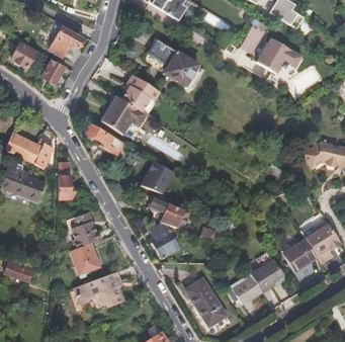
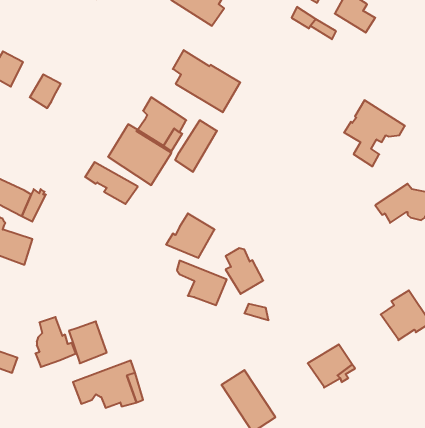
building: [49,24,83,56] -> none
building: [257,38,303,88] -> [344,100,405,166]
building: none -> [175,120,217,172]
building: [59,162,77,199] -> none
building: [73,210,103,248] -> [35,317,76,367]
building: [151,224,179,258] -> [226,248,263,294]
building: [283,239,318,271] -> none
building: [230,274,262,305] -> none

